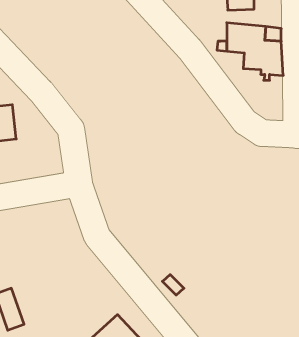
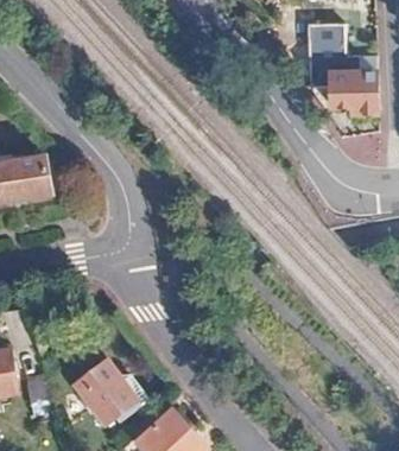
building: none -> [82,356,148,423]

